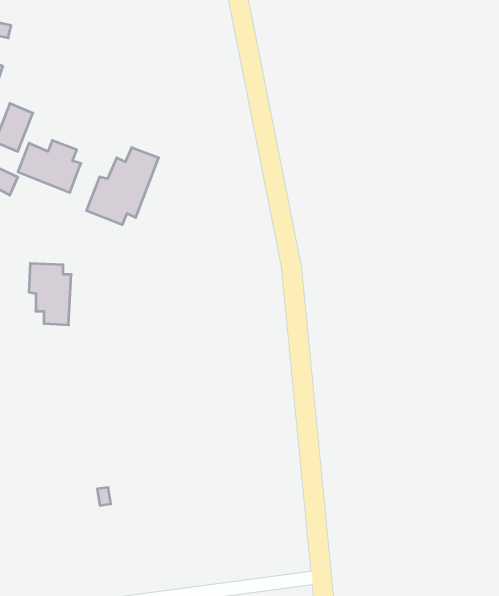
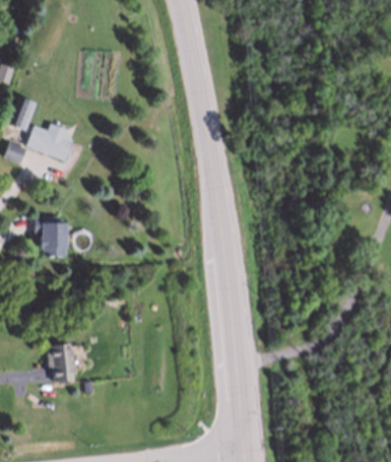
building: [87,147,159,225] -> none
building: none -> [47,343,77,384]

